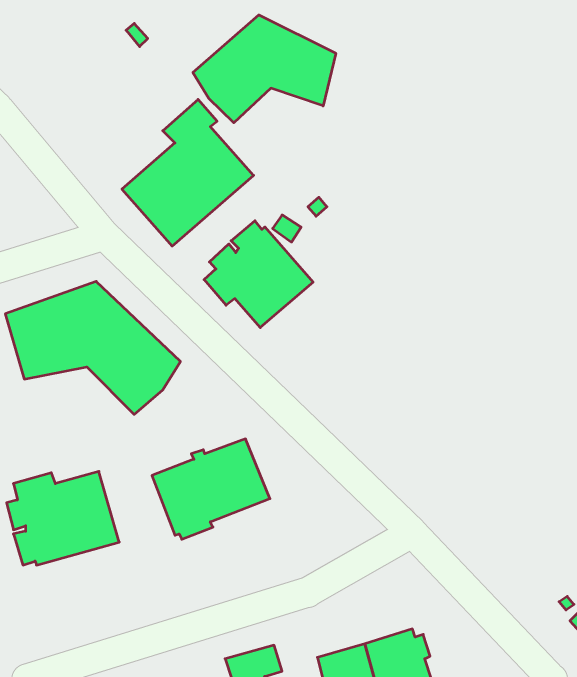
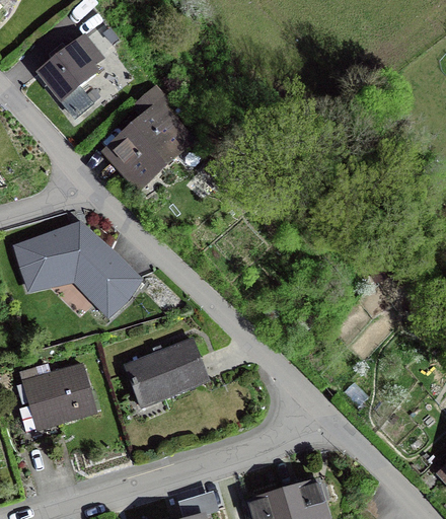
building: [193,15,336,123] -> none
building: none -> [34,31,104,120]
building: [204,221,313,328] -> none

